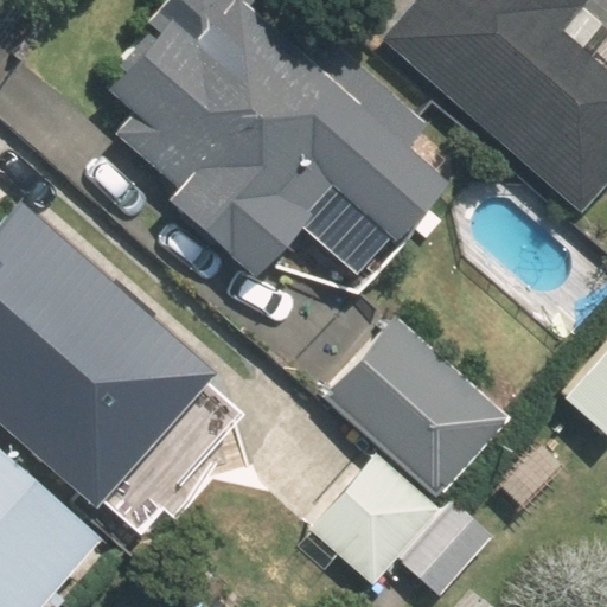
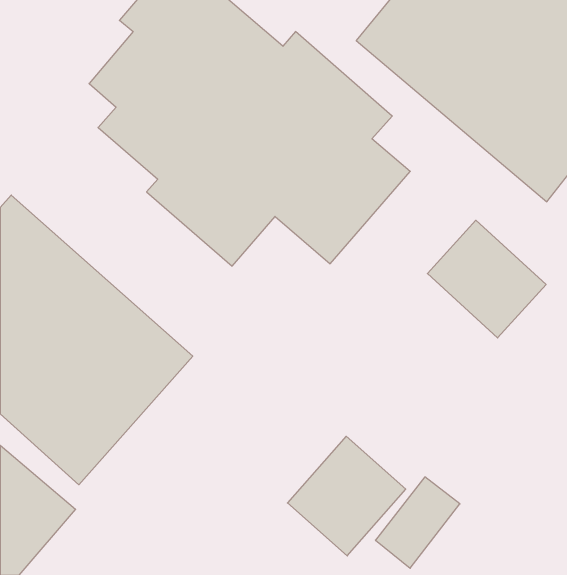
building: none -> [427,220,546,338]
building: [327,317,507,494] -> none

